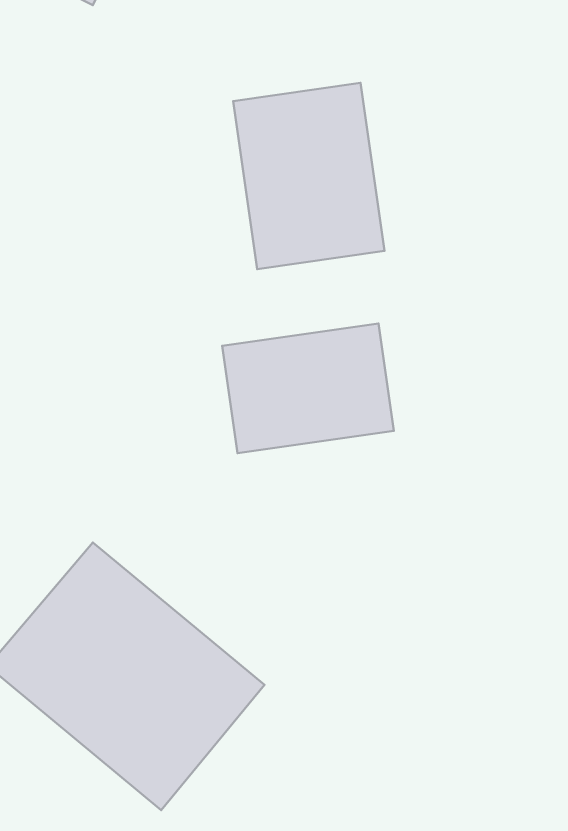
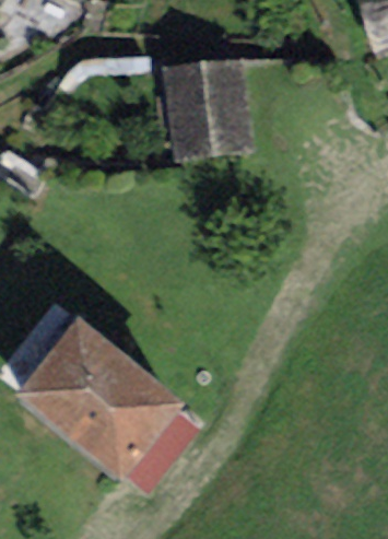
building: [222,323,394,453] -> none

